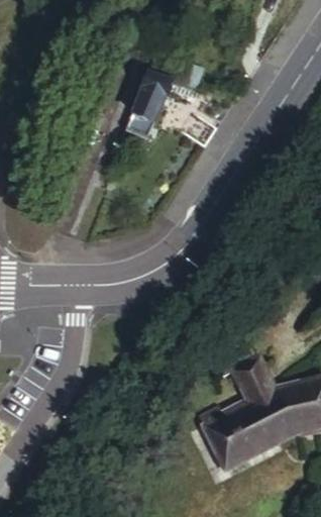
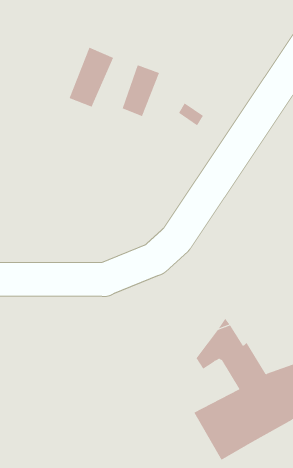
building: none -> [69,47,114,107]

